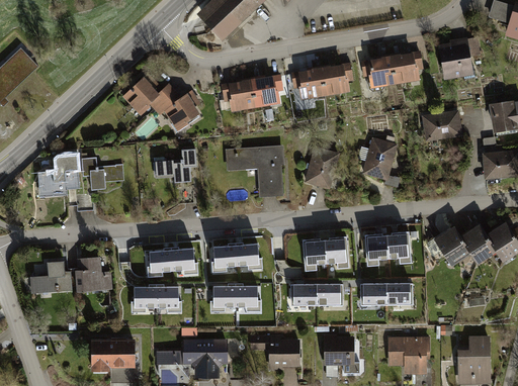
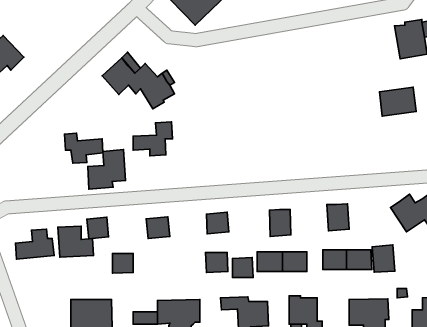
building: [362,52,423,92] -> none
building: [290,64,353,101] -> none
building: [221,75,282,112] -> none
building: [362,138,398,182] -> none
building: [227,146,284,197] -> none
building: [304,147,339,191] -> none
building: [39,156,80,198] -> [88,150,125,189]
building: [386,232,411,262] -> [372,245,395,272]
building: [325,238,348,268] -> none
building: [212,246,236,269] -> none
building: [149,251,172,274] -> [87,217,109,239]
building: [212,287,235,308] -> [232,258,253,277]
building: [156,288,179,308] -> none

